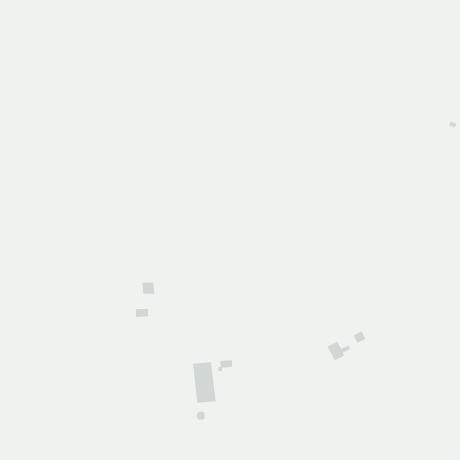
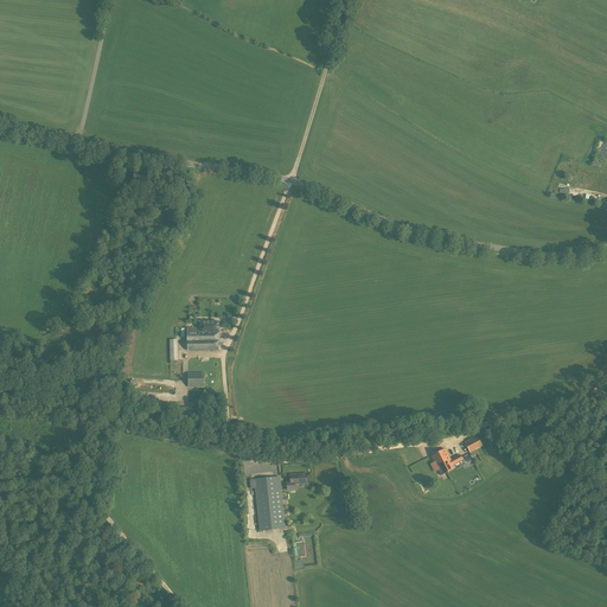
building: none -> [186,320,218,350]

